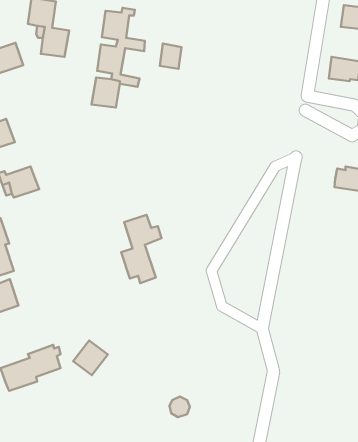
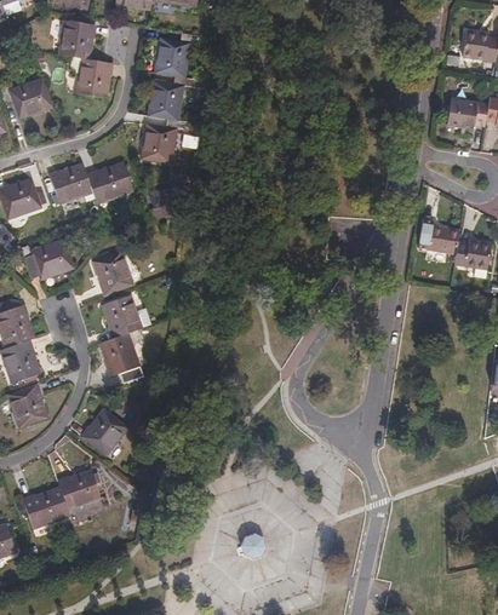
building: [160,44,182,69] -> none
building: none -> [50,161,132,205]
building: none -> [420,219,459,254]
building: none -> [92,251,133,294]
building: [121,215,162,283] -> [98,294,150,383]
building: [73,341,108,375] -> [82,409,127,454]

